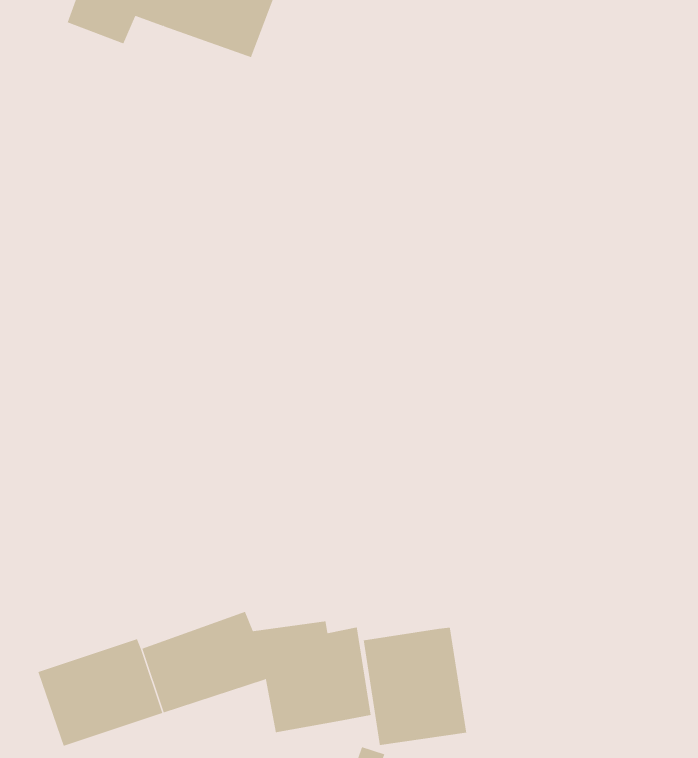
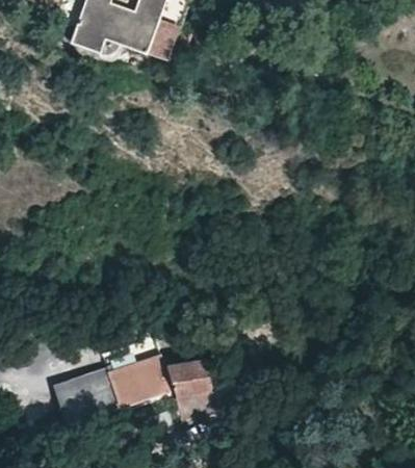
building: [363,627,467,746] -> none

